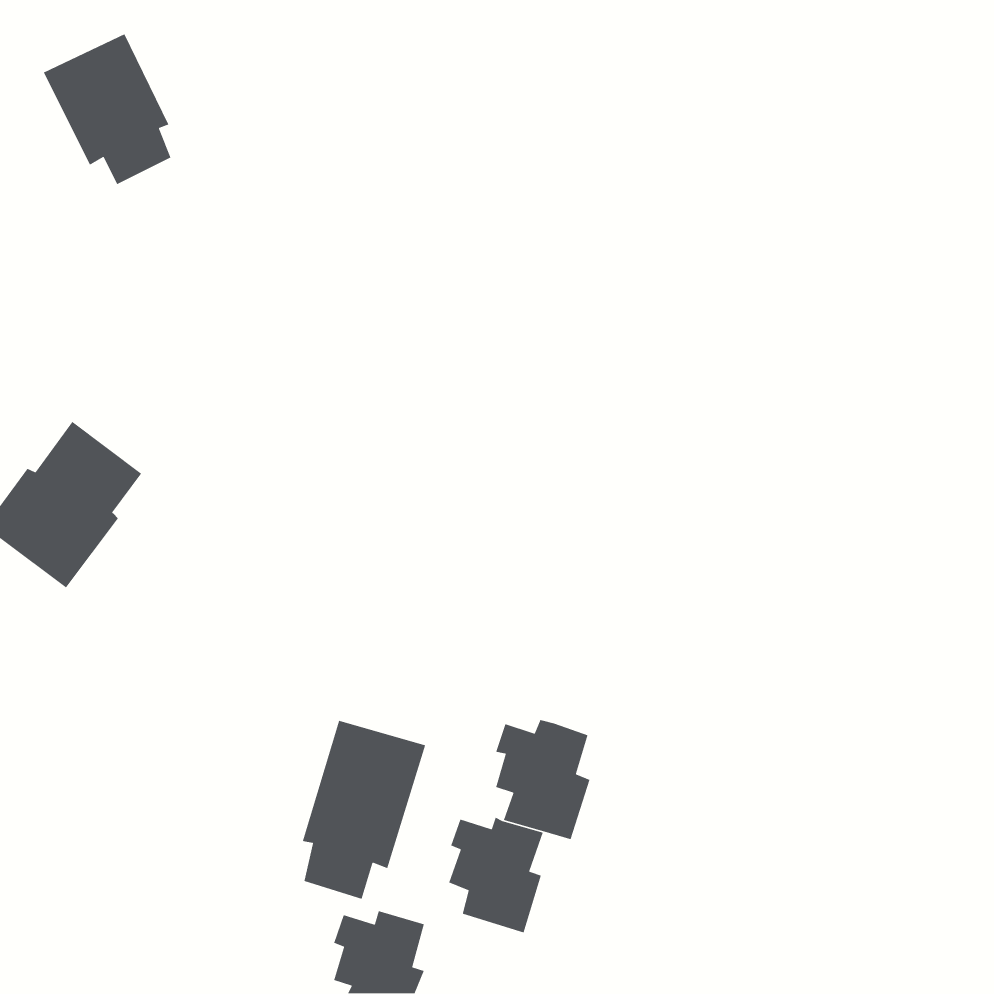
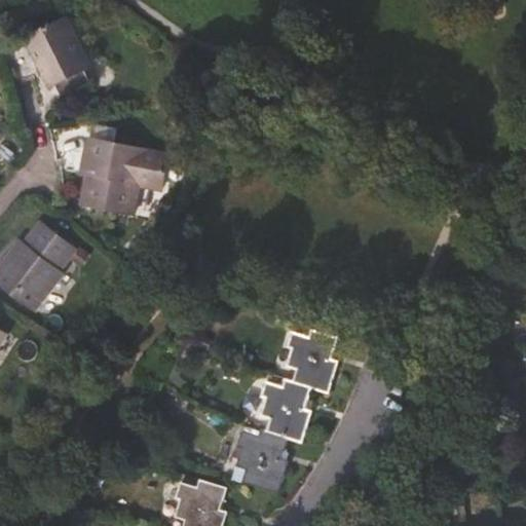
building: none -> [80,139,167,214]
building: none -> [288,329,337,392]
building: [302,720,426,900] -> none

